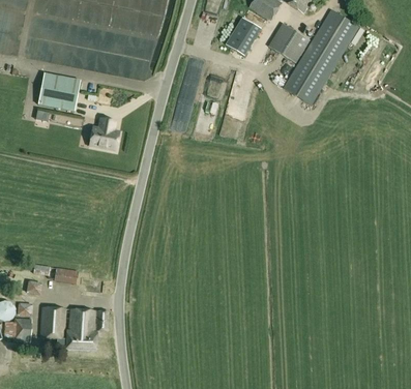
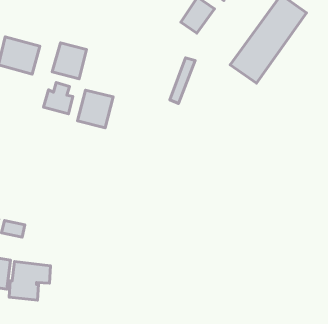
building: [267,23,310,63] -> none
building: none -> [52,43,87,79]
building: none -> [78,90,113,128]

